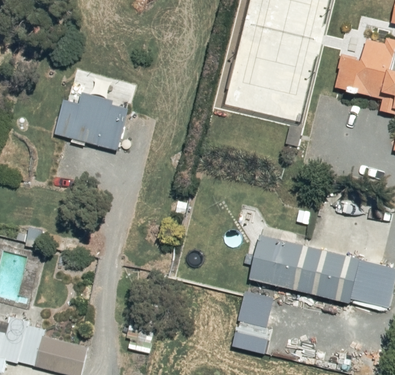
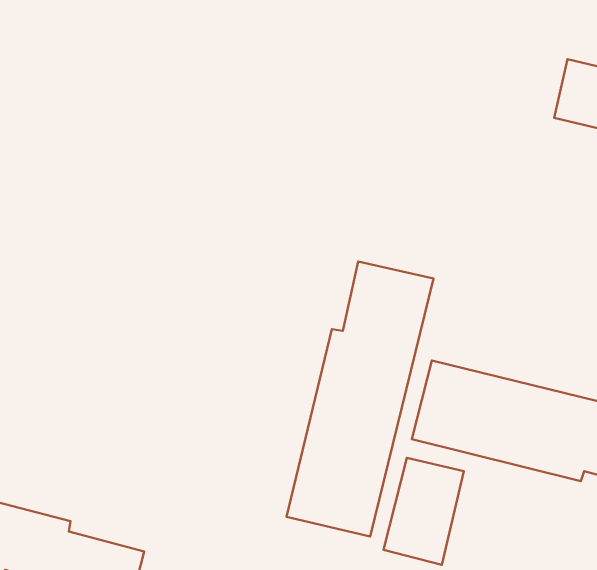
building: [53,92,128,150] -> none
building: none -> [287,262,433,536]

